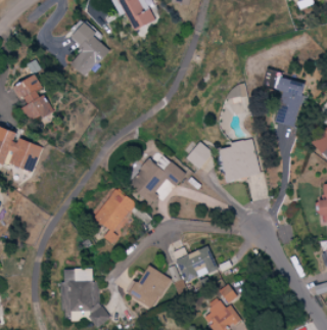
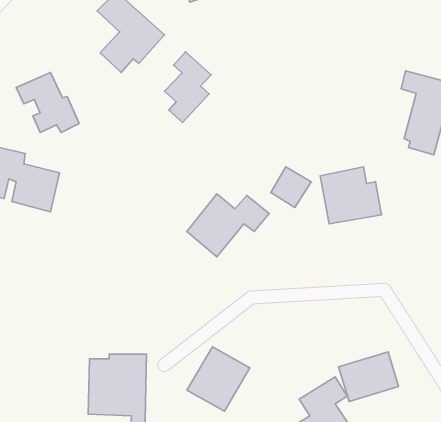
building: none -> [165,52,211,123]
building: [95,188,137,243] -> none
building: [176,247,217,281] -> [339,352,399,401]

